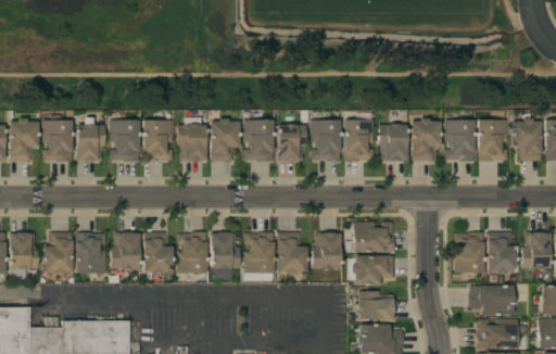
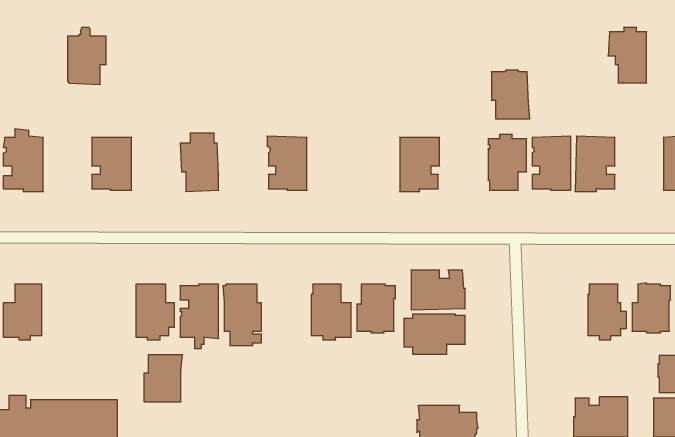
building: [76,118,105,162] -> [68,27,106,84]
building: [210,118,240,161] -> none
building: [511,118,541,161] -> [608,27,647,83]
building: [311,119,341,161] -> none
building: [143,121,173,161] -> none
building: [277,124,306,161] -> none
building: [379,124,408,161] -> [491,70,530,119]
building: [76,232,106,274] -> none
building: [111,232,140,268] -> [144,355,182,402]
building: [243,232,274,280] -> none
building: [454,232,484,274] -> none
building: [469,286,515,315] -> none
building: [357,291,395,320] -> none

